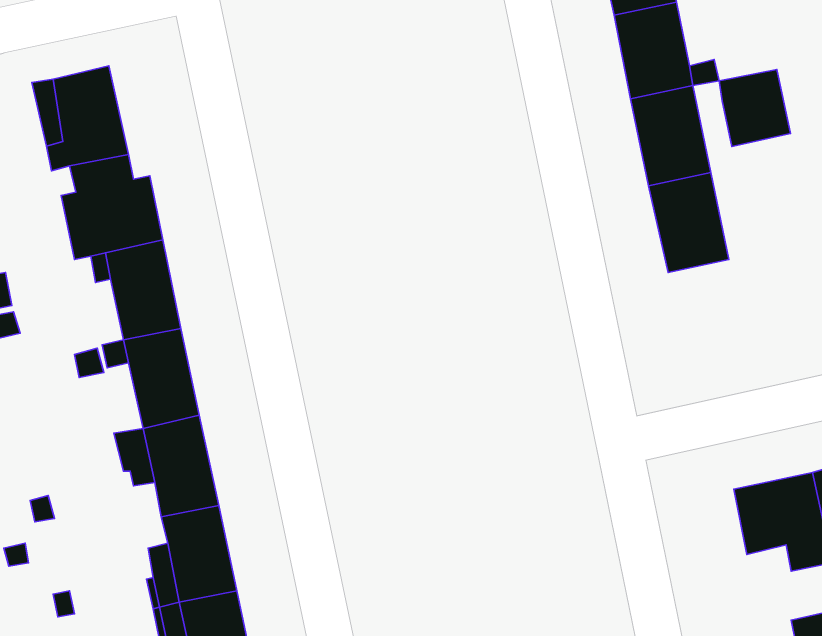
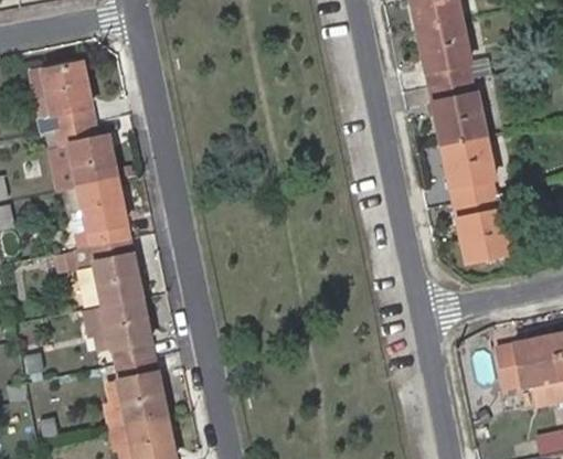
building: [719,70,791,146] -> none
building: none -> [456,189,528,260]

